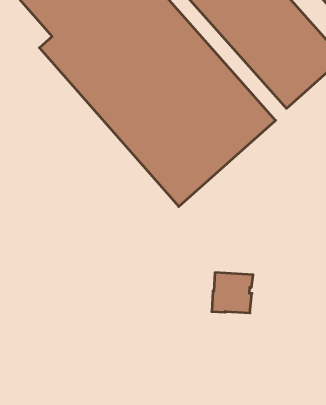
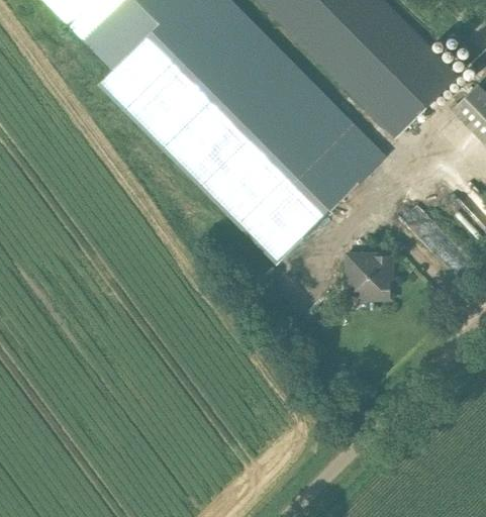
building: [212,273,253,313] -> [347,252,393,299]

